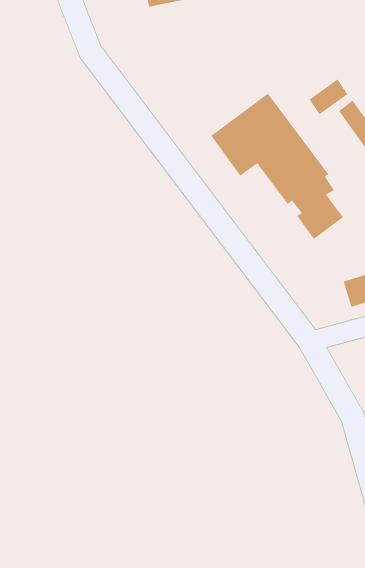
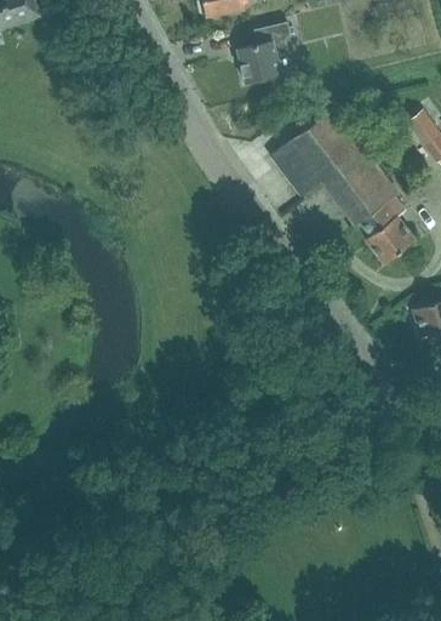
building: none -> [237,22,292,81]
building: [309,79,348,115] -> none

